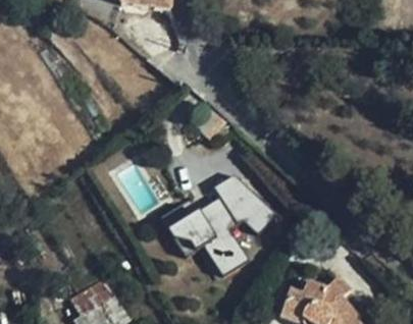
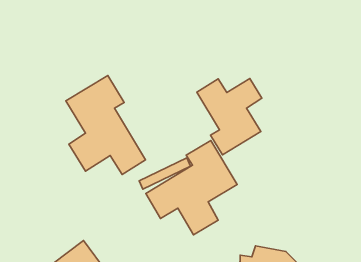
building: none -> [66,76,145,174]
building: none -> [197,78,262,155]

